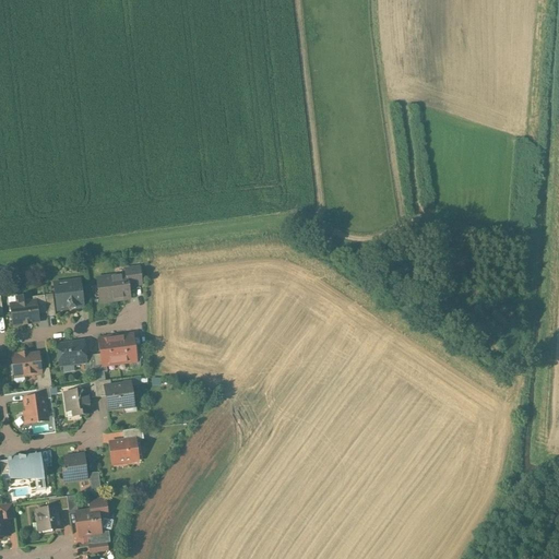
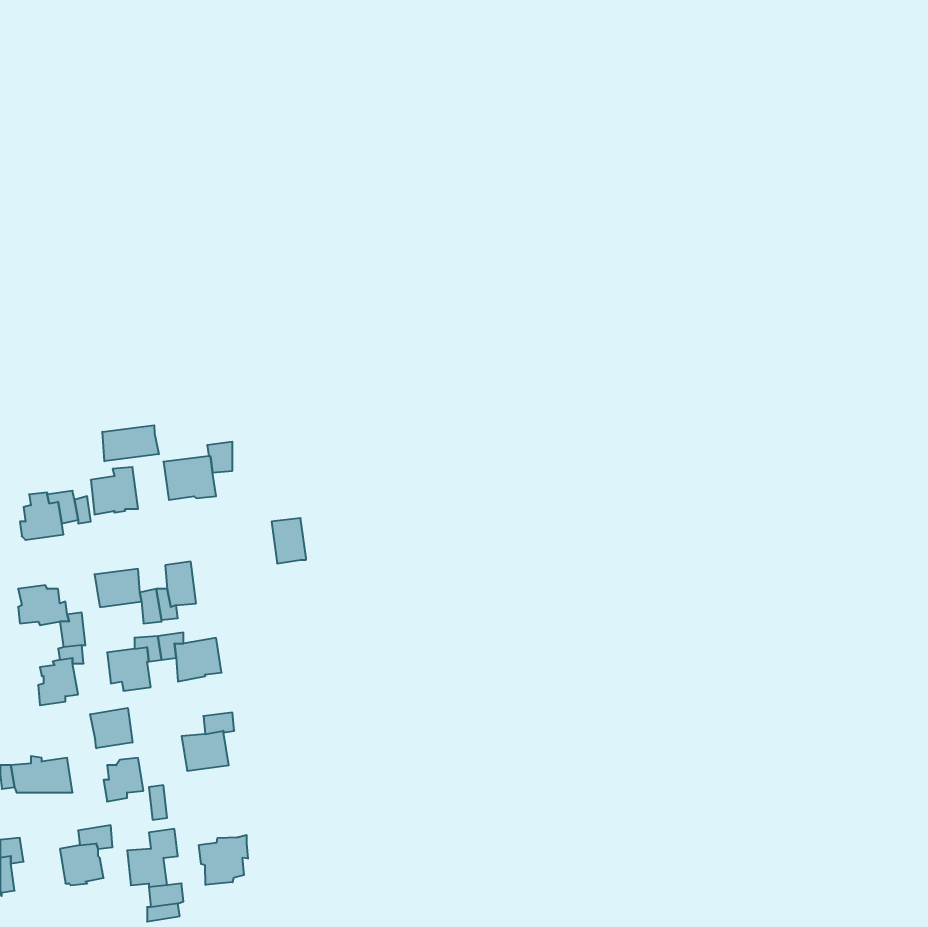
building: none -> [102,425,159,461]
building: [115,335,135,362] -> [272,518,306,563]
building: none -> [90,708,132,748]
building: none -> [199,835,248,885]

